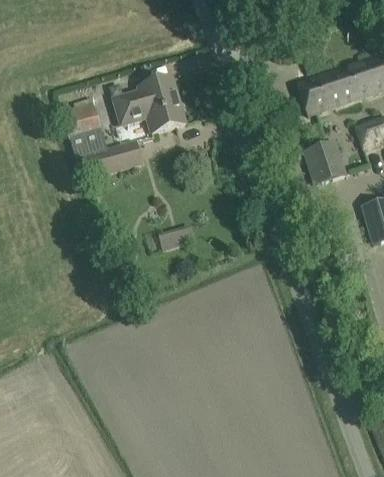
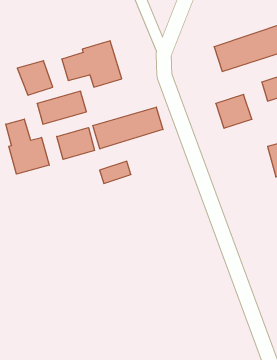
building: none -> [93,107,163,149]
building: none -> [6,119,49,174]
building: none -> [57,128,95,159]

